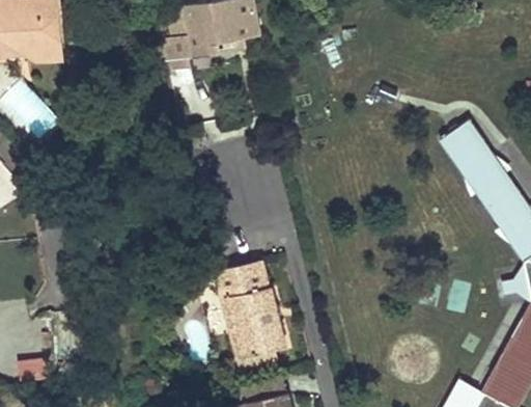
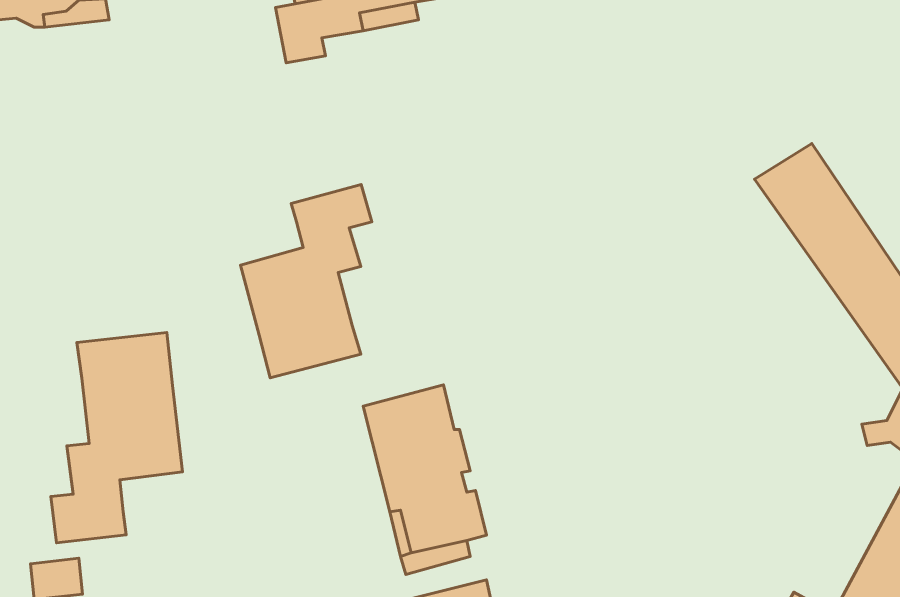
building: none -> [240,185,372,378]
building: none -> [51,333,182,543]

